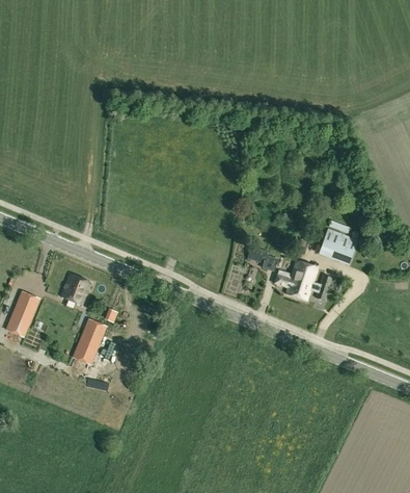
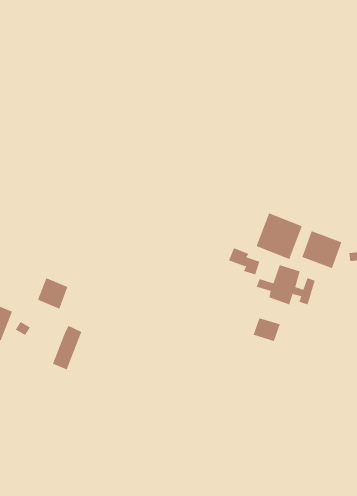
building: none -> [256,212,303,260]
building: none -> [253,317,281,342]

